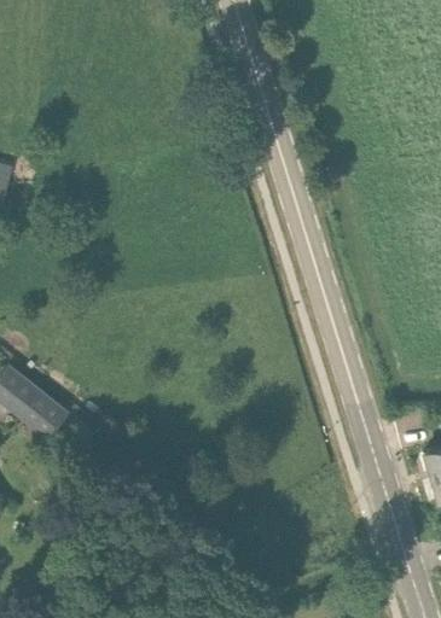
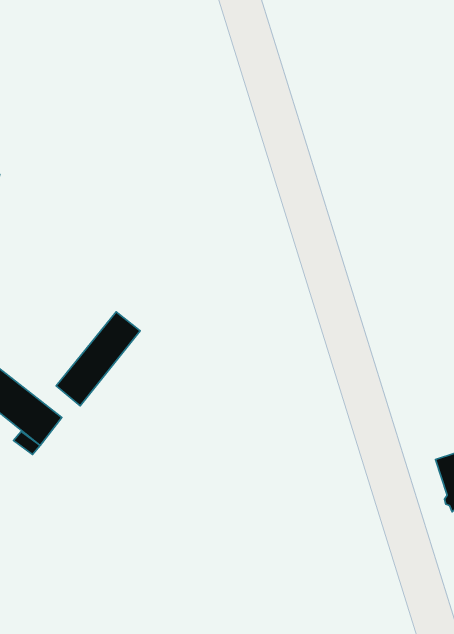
building: none -> [56,312,140,406]

